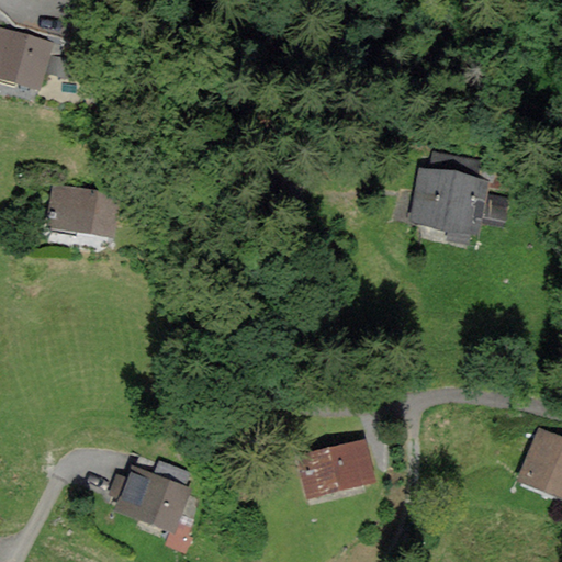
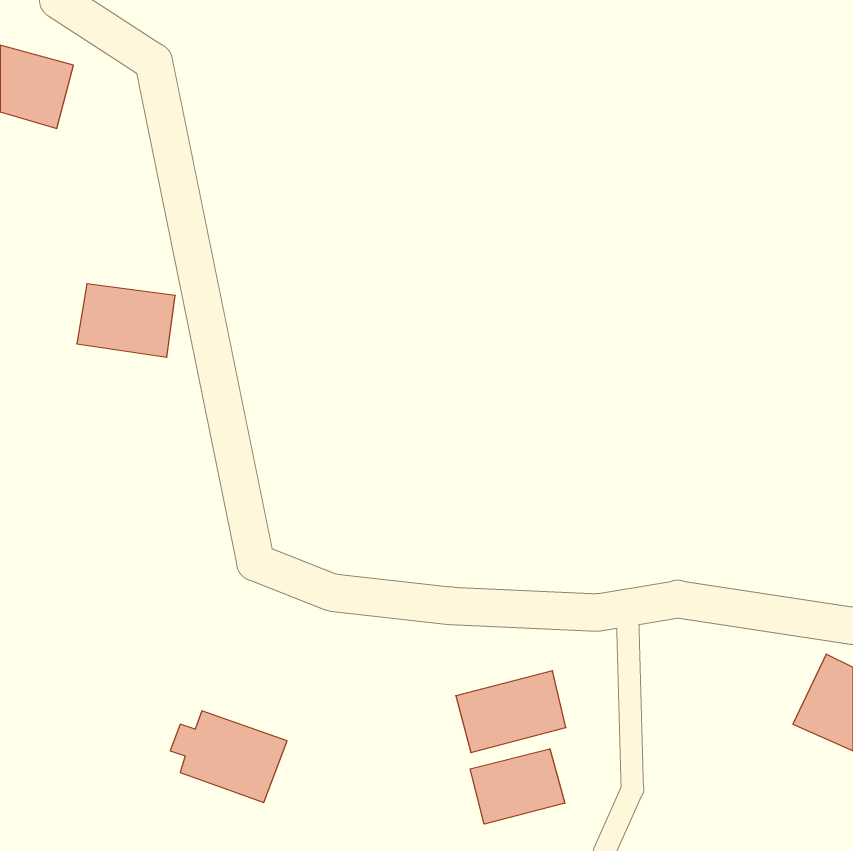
building: [414,171,505,231] -> none
building: none -> [470,749,565,824]

